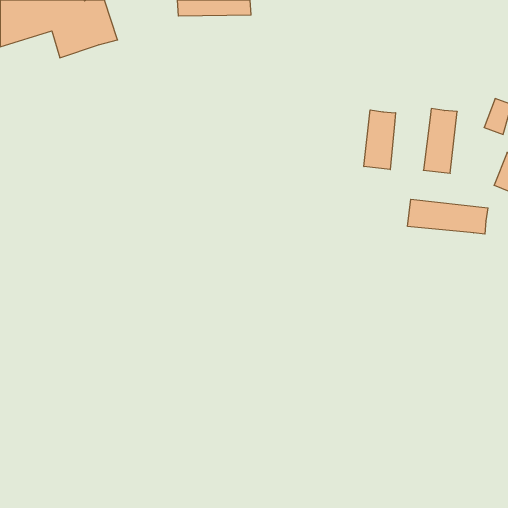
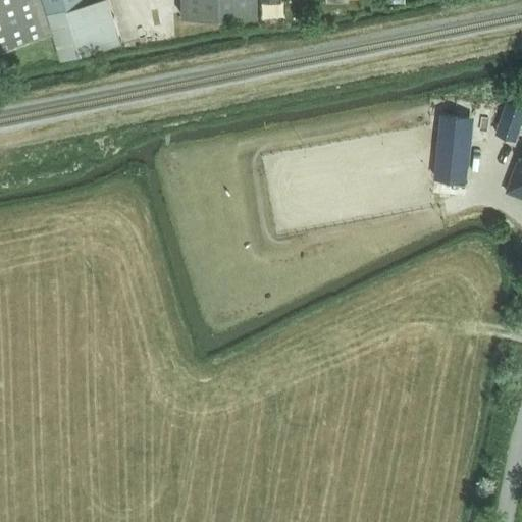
building: [364,110,396,170] -> none
building: [408,199,488,234] -> none

